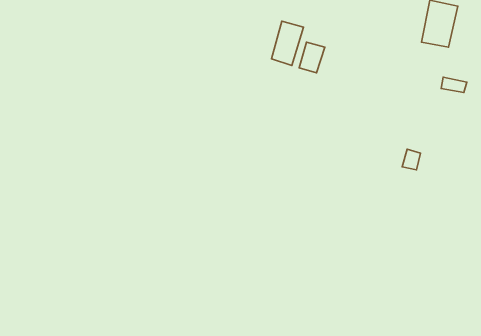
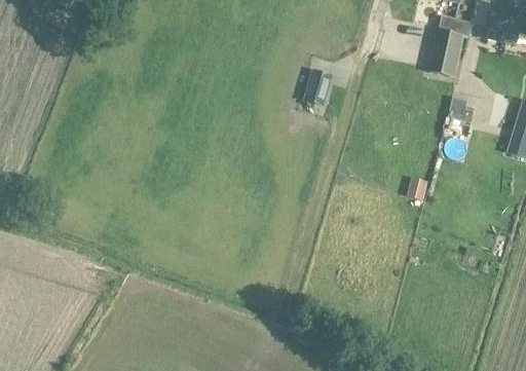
building: [271,21,303,65] -> none

